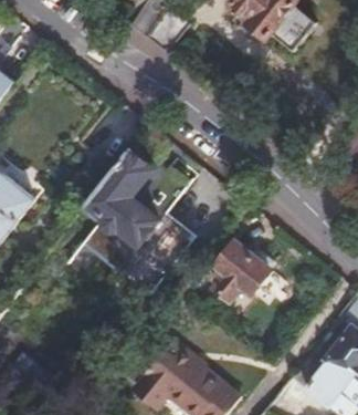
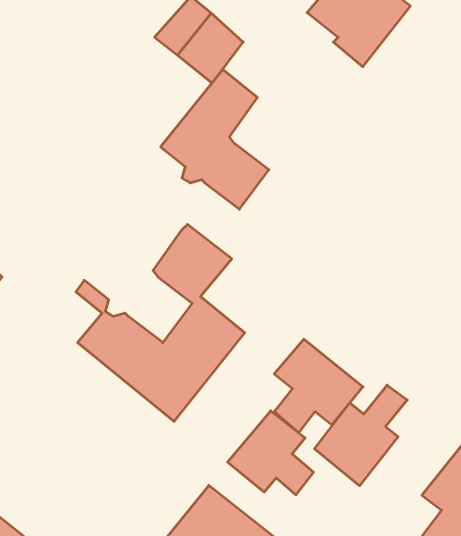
building: [87,148,160,242] -> [161,70,269,209]
building: none -> [315,385,407,486]
building: none -> [228,411,313,495]

